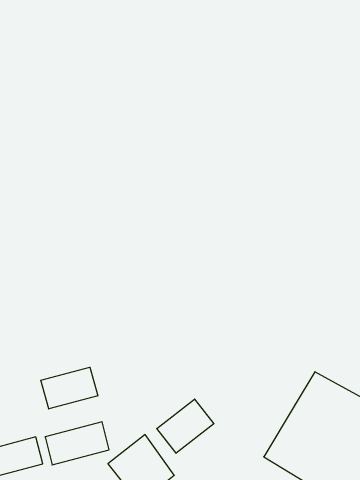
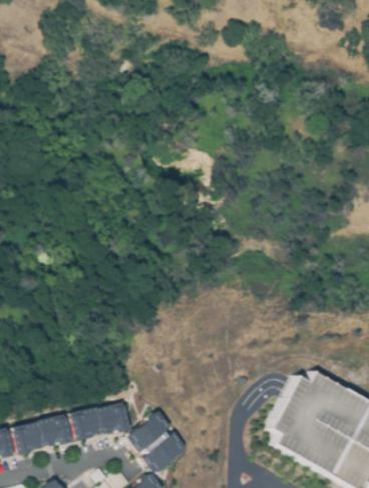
building: [41,367,98,409] -> none
building: [157,399,214,453] -> none

